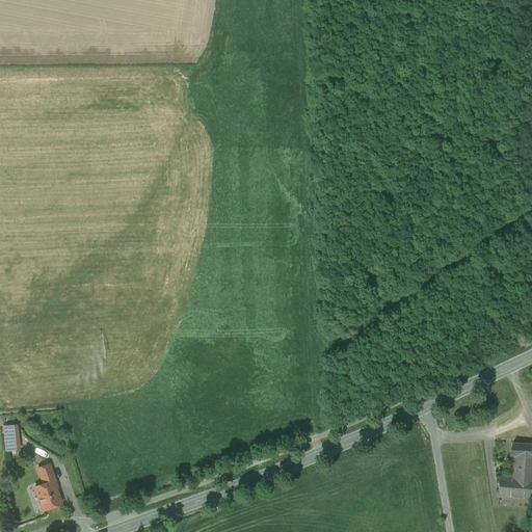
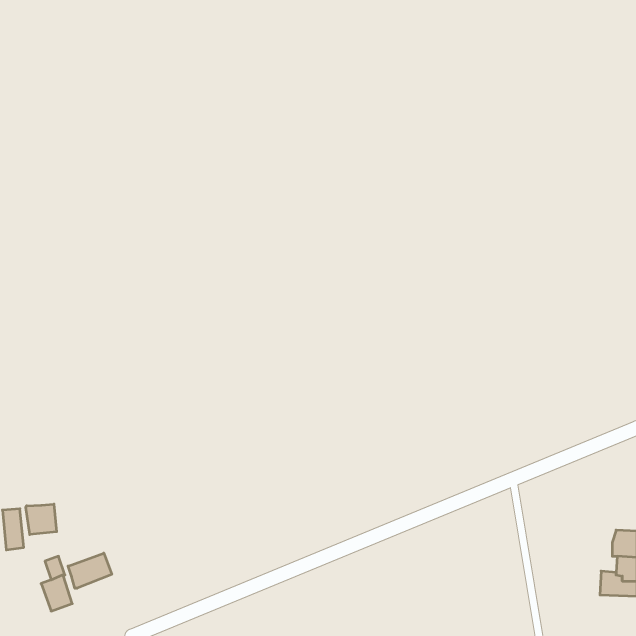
building: none -> [26,504,57,535]
building: none -> [68,553,112,588]

